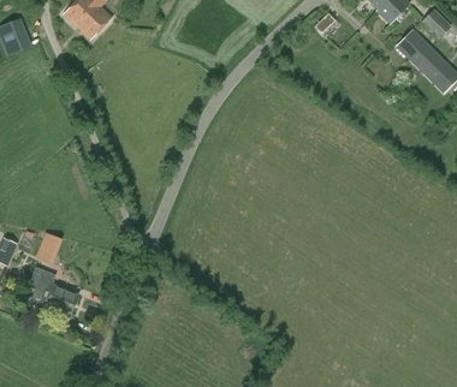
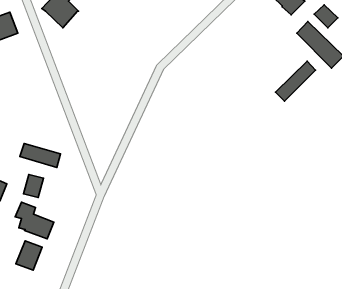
building: none -> [275,61,315,101]
building: none -> [20,143,61,168]
building: none -> [16,241,42,270]

